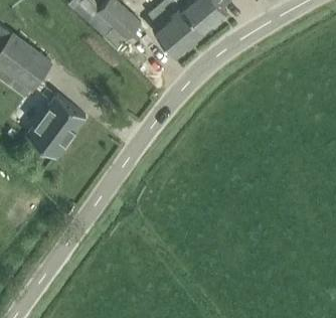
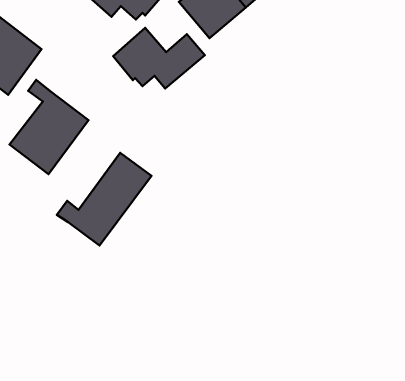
building: none -> [113,28,205,89]
building: none -> [57,153,151,245]

